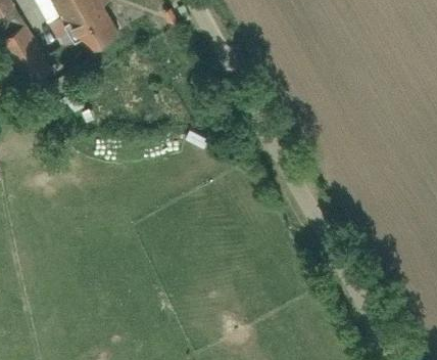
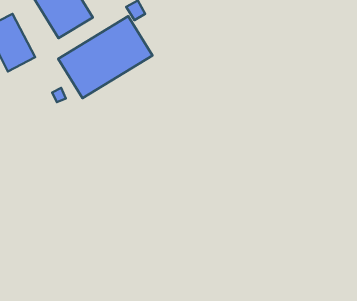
building: none -> [58,16,152,98]

